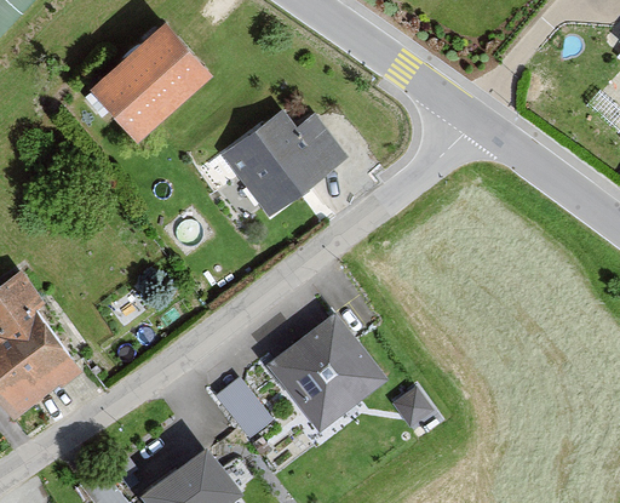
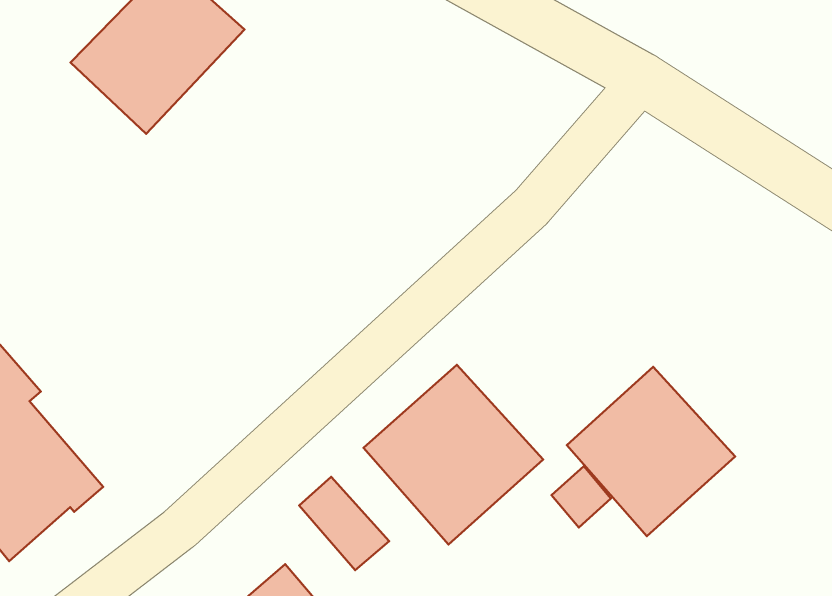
building: [220,109,346,218] -> none
building: none -> [567,367,735,536]

